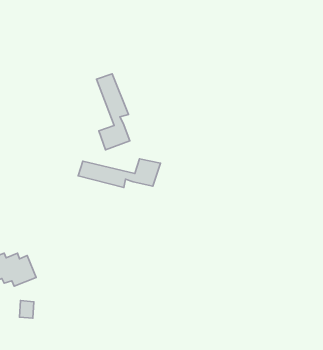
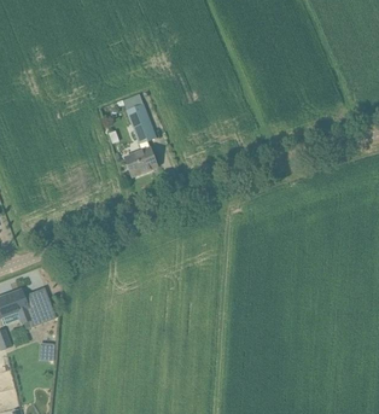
building: [78,159,160,188] -> none

